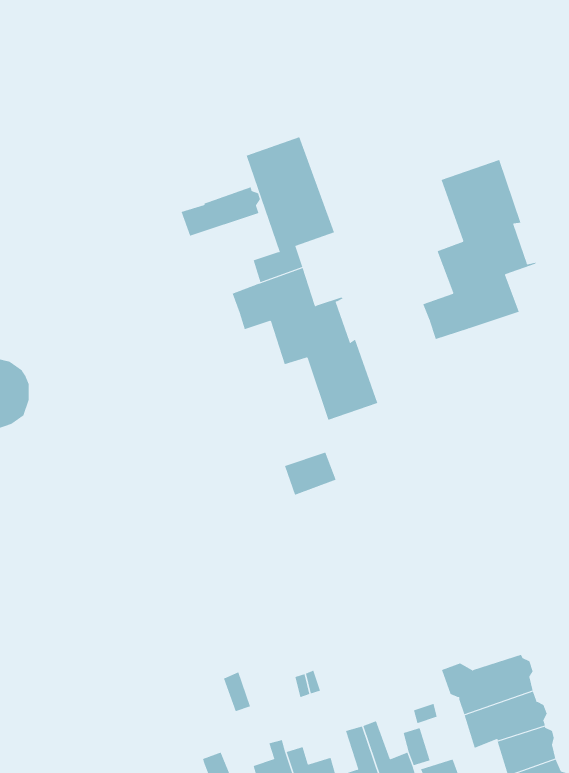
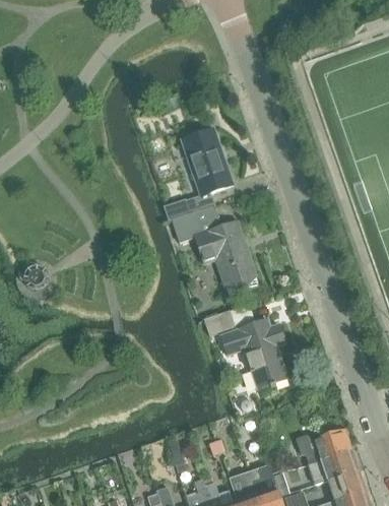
building: [423,159,536,340] -> none
building: [181,186,260,236] -> none
building: none -> [220,324,287,389]

